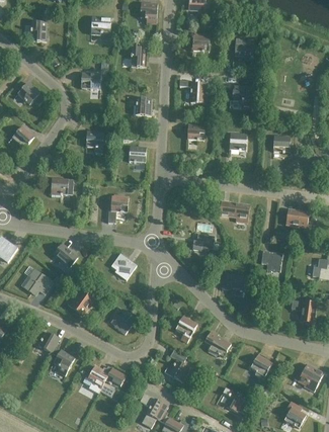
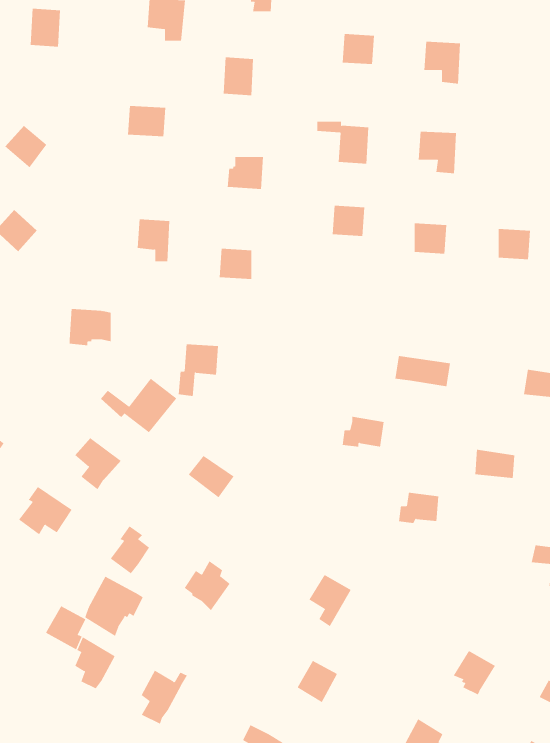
building: none -> [100,378,177,433]
building: none -> [84,576,143,637]
building: [204,330,230,356] -> none
building: [98,367,126,397] -> none

